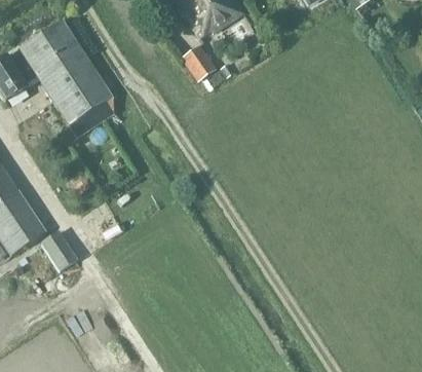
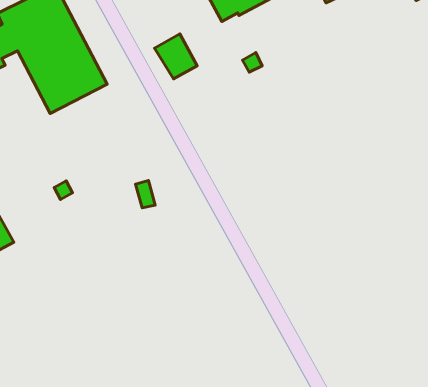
building: [181,44,217,81] -> [154,34,197,79]
building: [41,230,78,271] -> none

